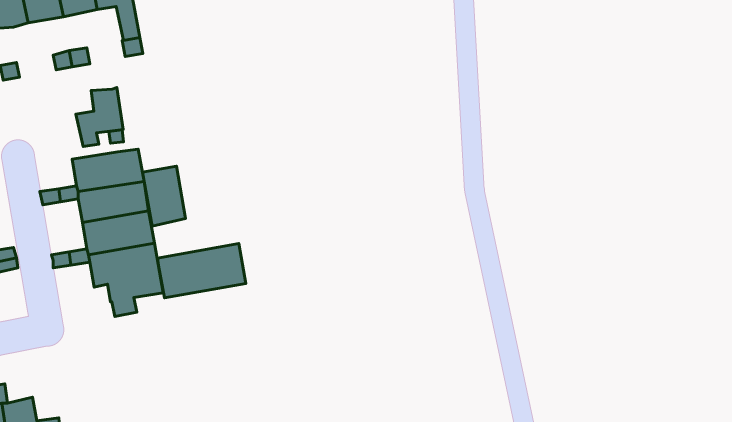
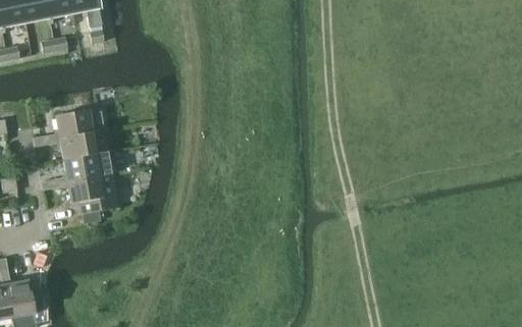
building: [76,88,123,147] -> none
building: [143,166,186,226] -> none
building: [158,244,246,298] -> none

